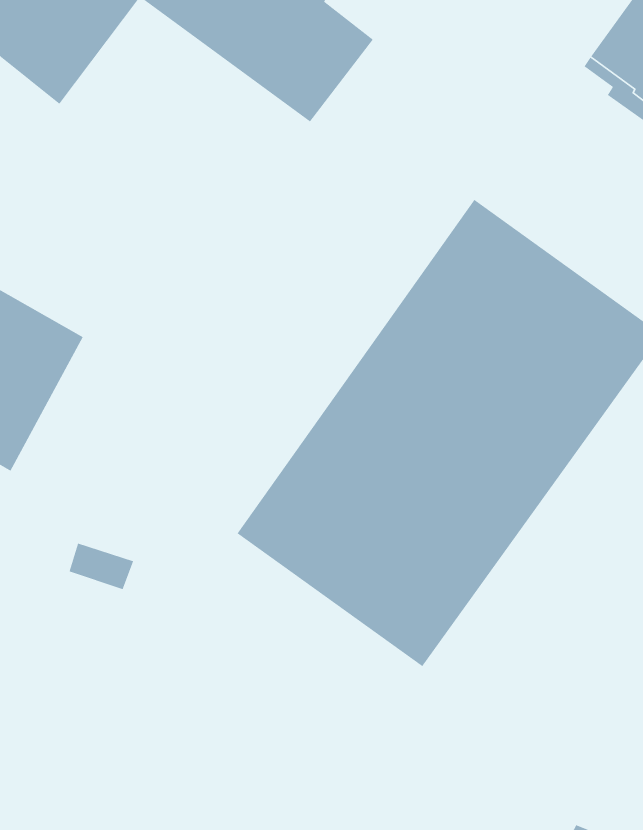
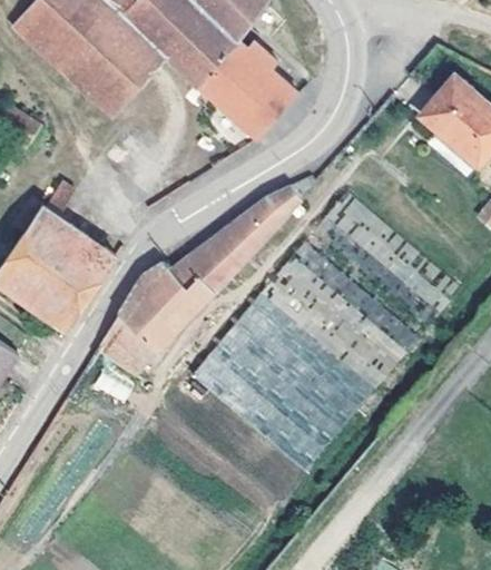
building: none -> [99,175,315,370]

